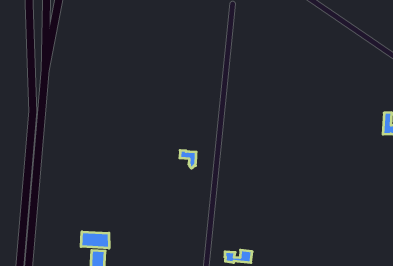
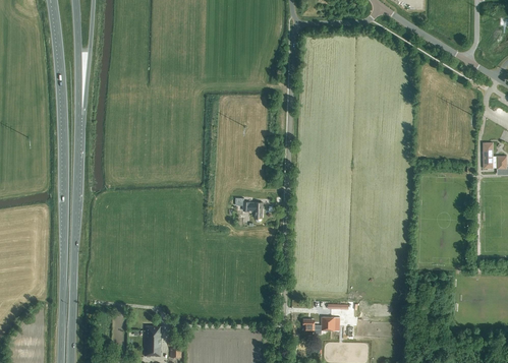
building: [81,232,109,248] -> none

